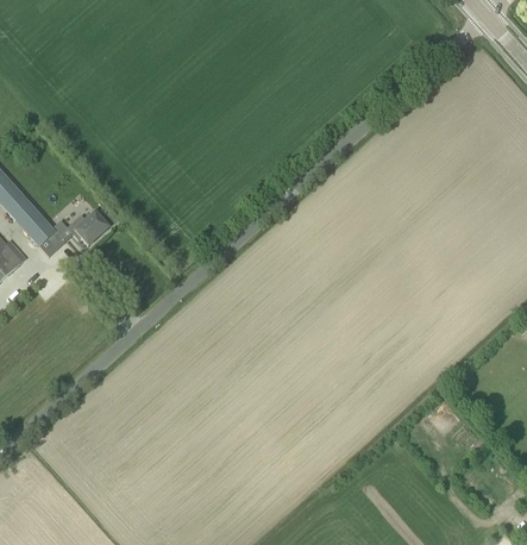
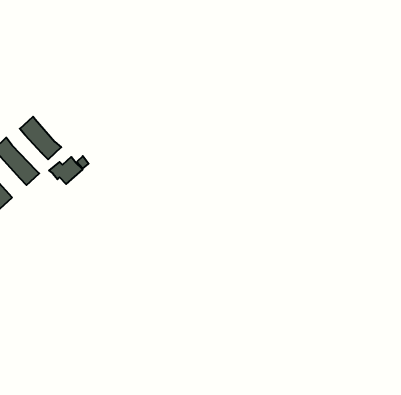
building: none -> [20,117,61,159]

